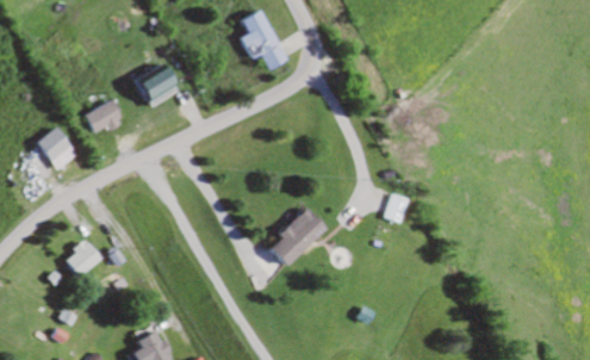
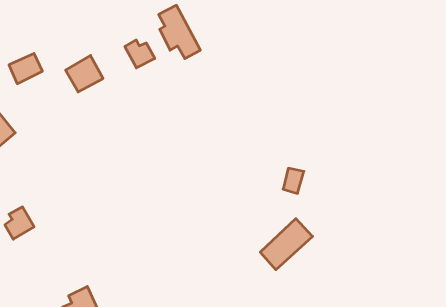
building: none -> [125,40,155,68]
building: [85,100,123,135] -> [9,53,42,84]
building: [267,207,327,266] -> [260,219,313,270]

